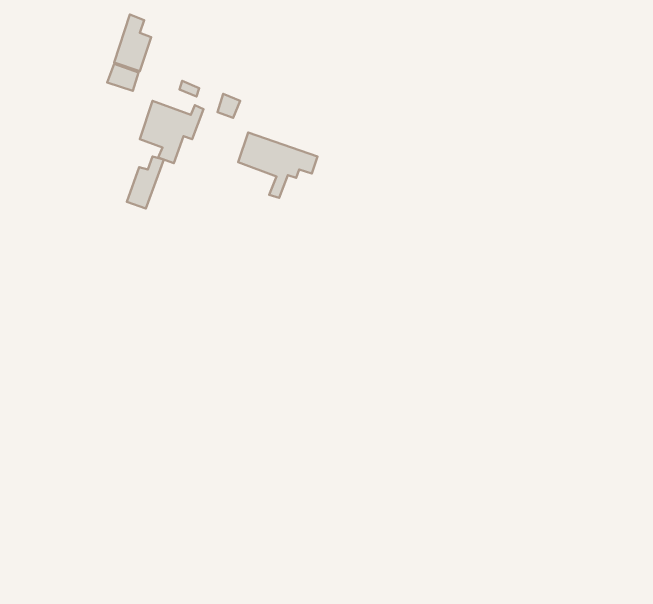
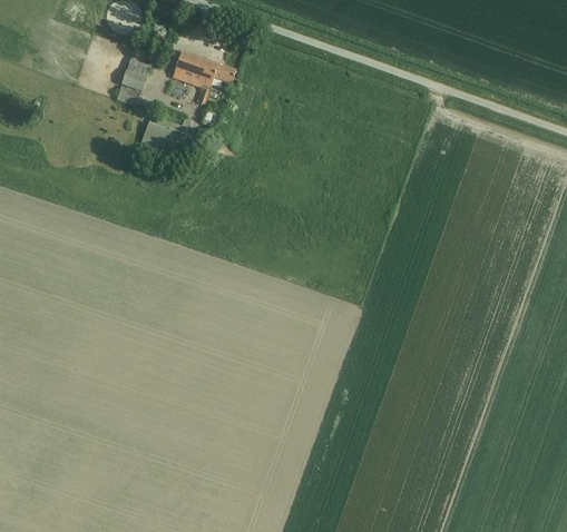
building: [238,133,317,198] -> [173,51,235,102]
building: [127,157,164,209] -> none

